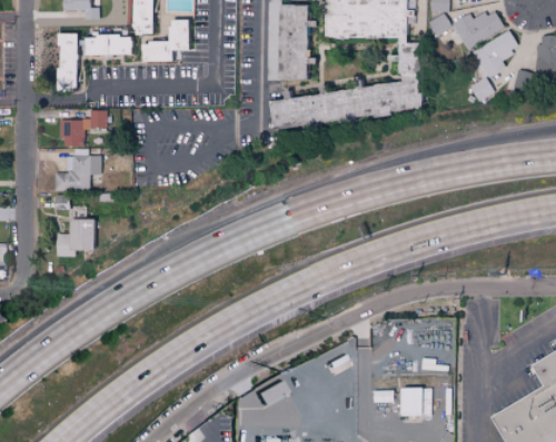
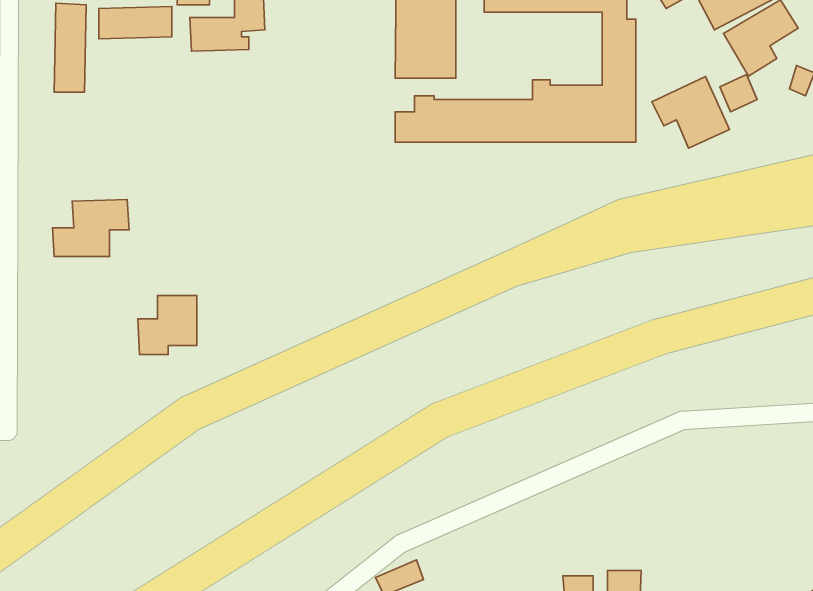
building: none -> [652,77,729,148]
building: [63,109,109,145] -> none
building: [57,219,93,255] -> [138,296,197,355]

